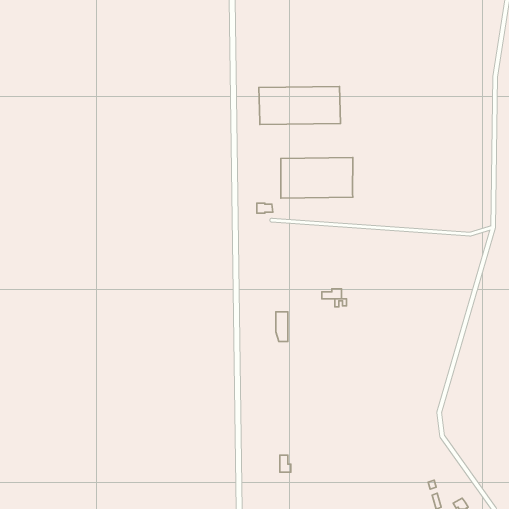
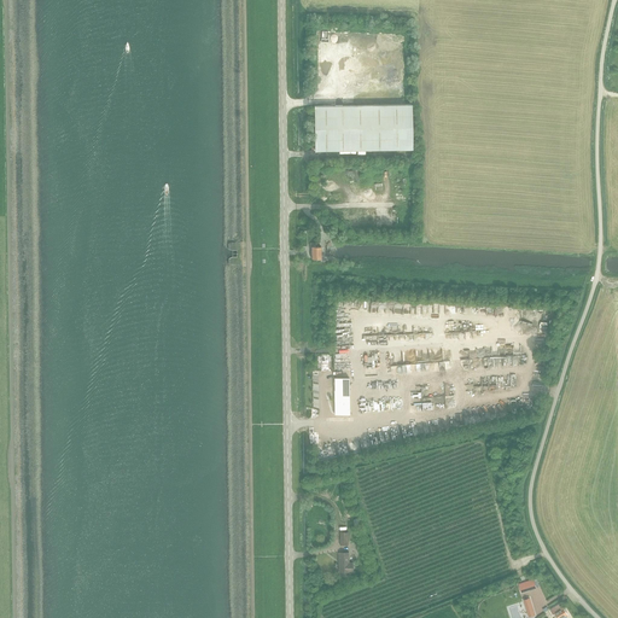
building: [281,158,353,198] -> none

